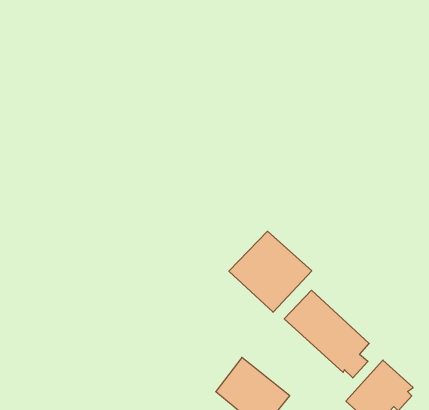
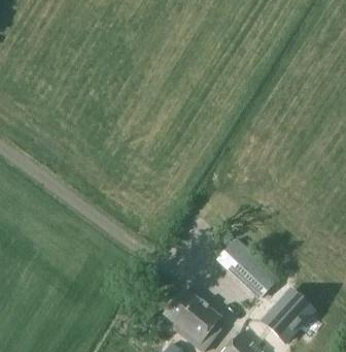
building: [229,231,312,312] -> none

